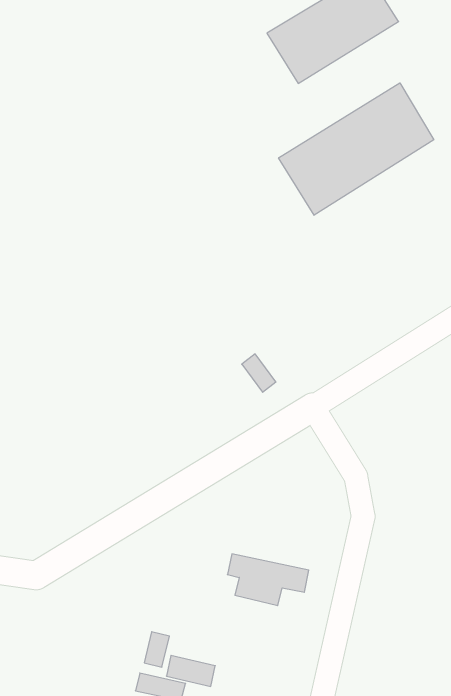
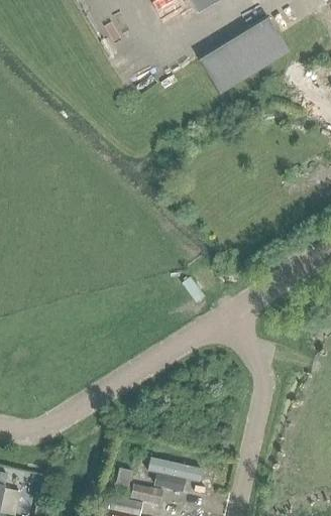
building: [279,83,434,215] -> none
building: [227,554,309,606] -> [148,459,204,494]

